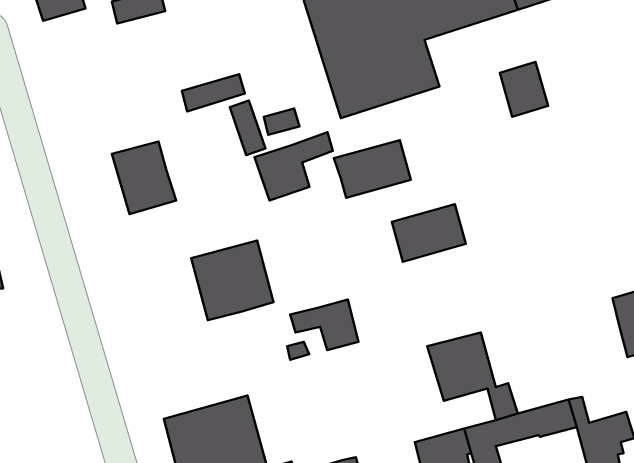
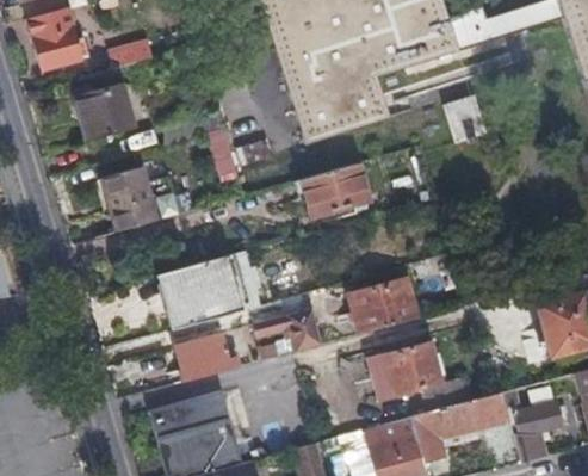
building: none -> [82,80,141,138]
building: [254,132,333,200] -> none
building: [392,204,466,262] -> [349,279,414,329]
building: none -> [175,329,240,377]

